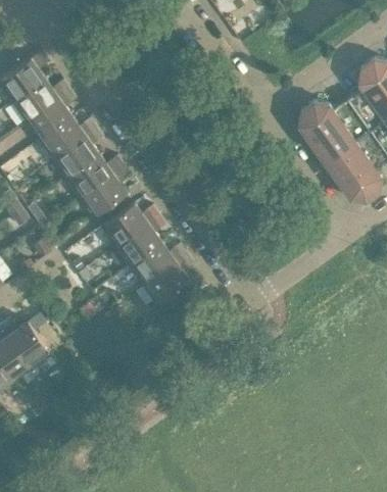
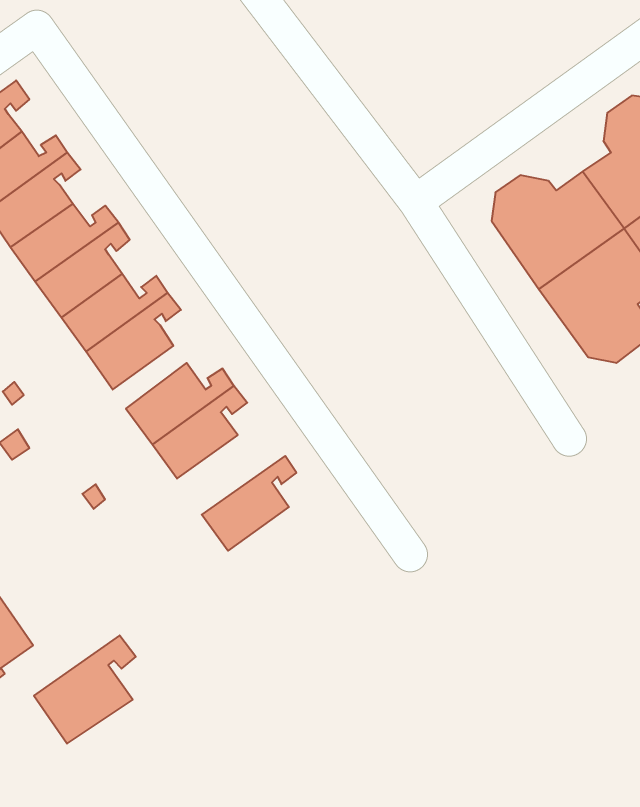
building: [130,241,188,284] -> none
building: none -> [34,635,136,744]

